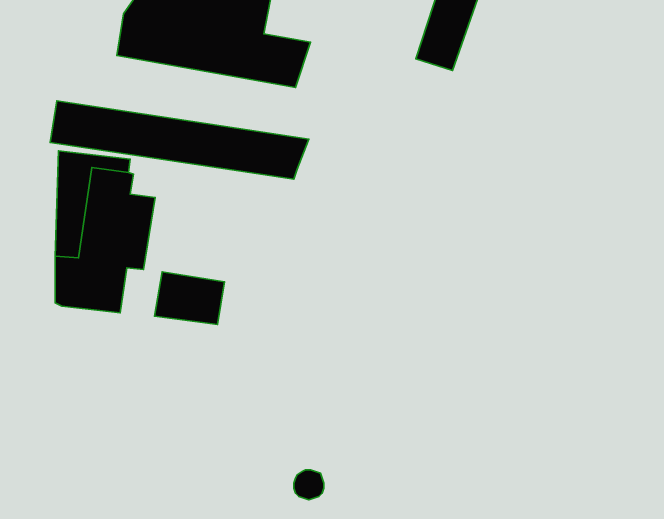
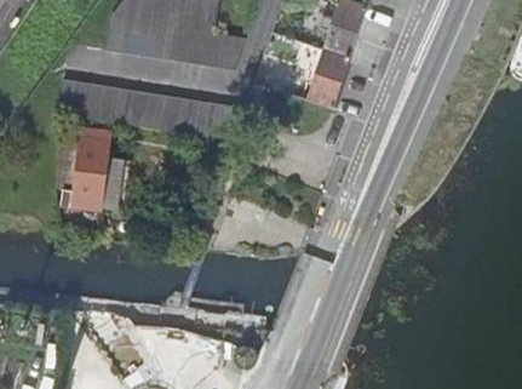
building: none -> [306,50,350,108]
building: [154,272,225,325] -> none

